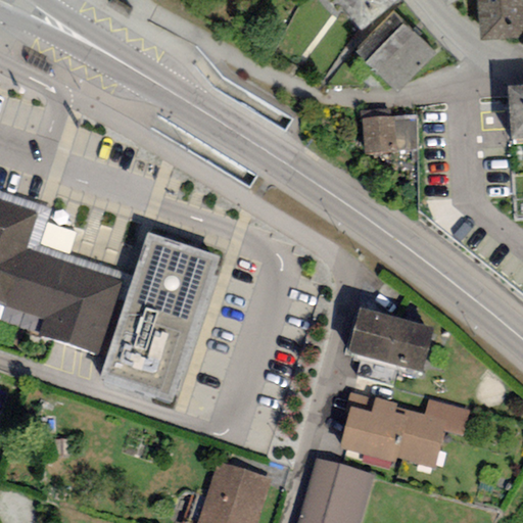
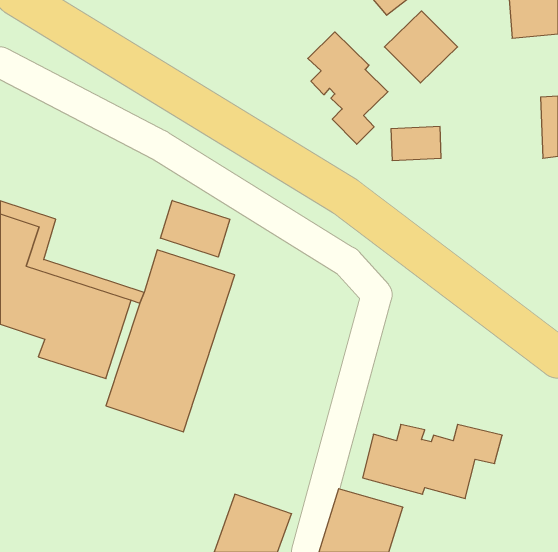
building: none -> [308,32,388,144]
building: none -> [160,200,230,257]
building: [347,311,433,376] -> none

